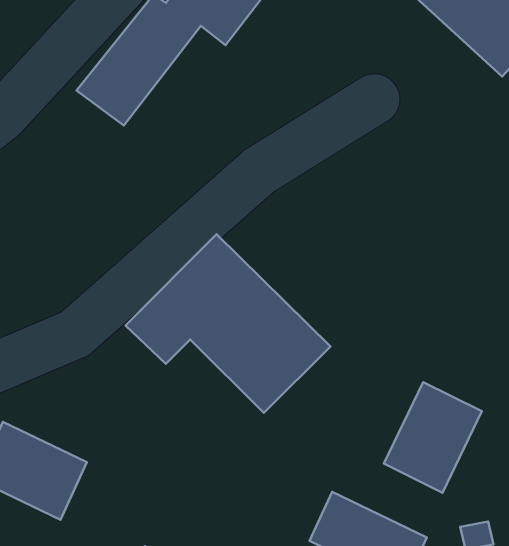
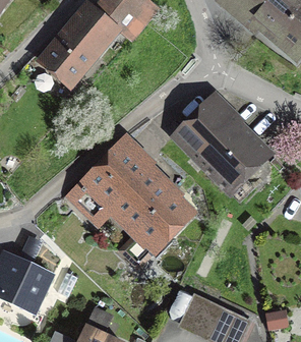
building: none -> [174,95,266,191]
building: [384,382,482,493] -> none

